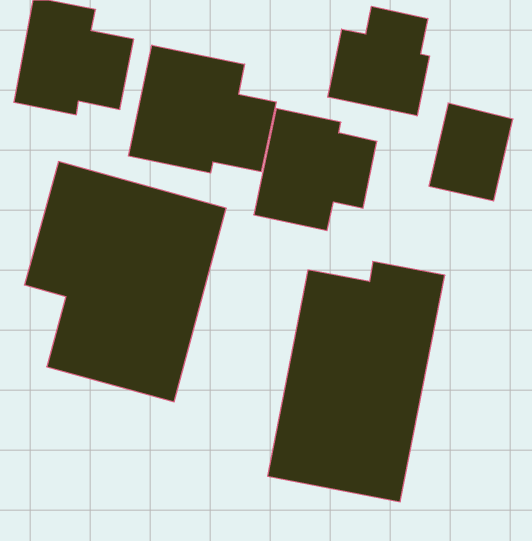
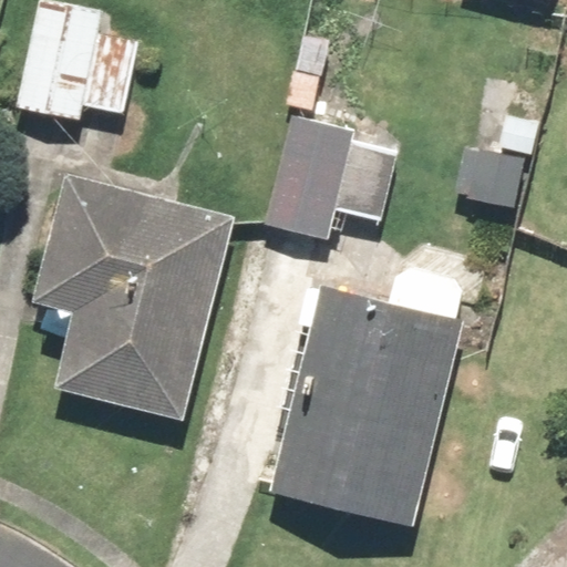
building: [328,6,429,116] -> none
building: [129,45,276,173] -> none

